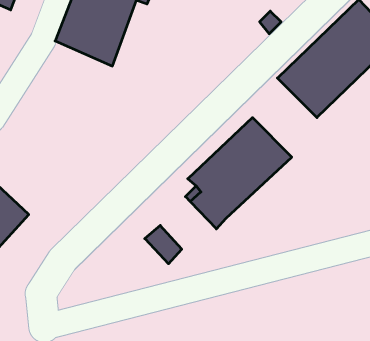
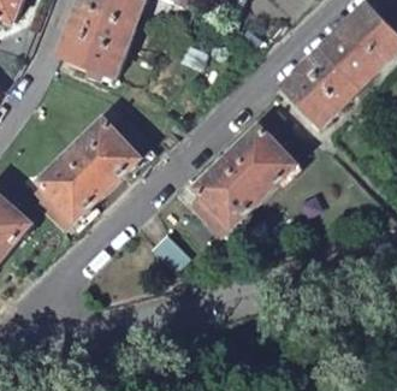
building: none -> [36,109,150,230]

